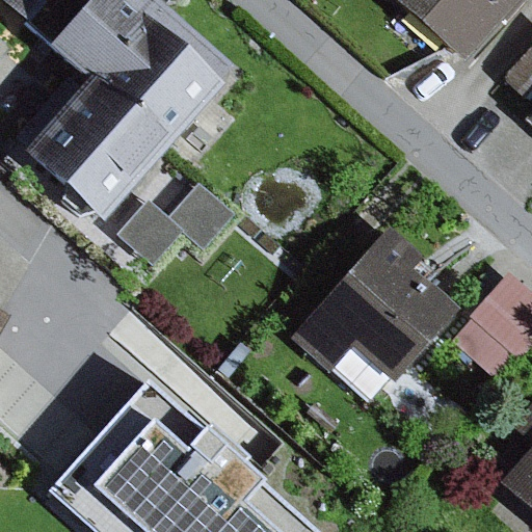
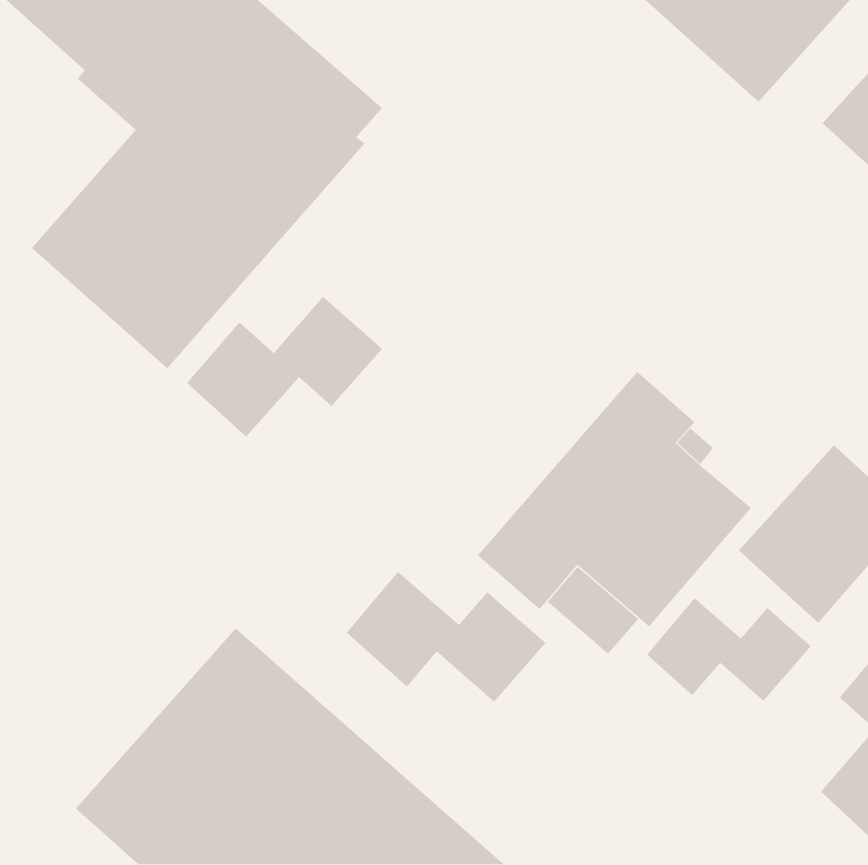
building: none -> [346,571,546,703]
building: none -> [646,597,812,702]

